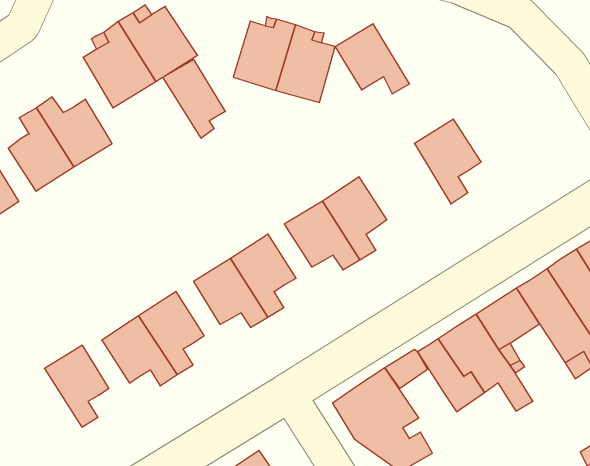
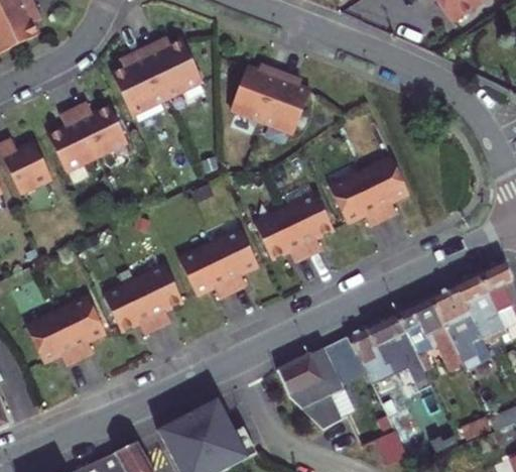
building: [335,24,410,94] -> [331,175,384,231]
building: [163,59,225,138] -> none
building: none -> [27,313,82,368]

